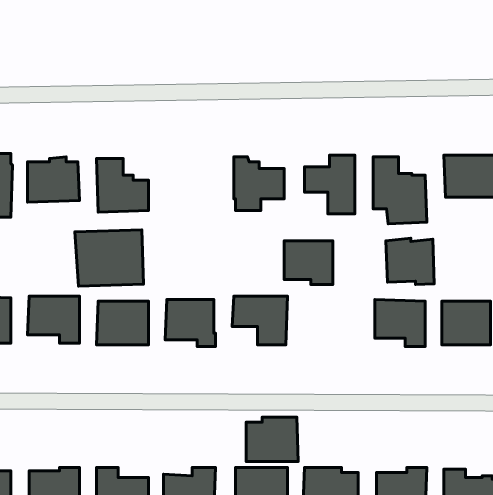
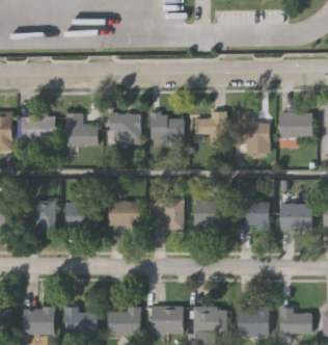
building: none -> [109,113,139,145]
building: [75,230,143,286] -> none
building: [386,238,434,285] -> none
building: [284,241,333,285] -> [194,203,224,230]
building: [246,417,298,462] -> none

